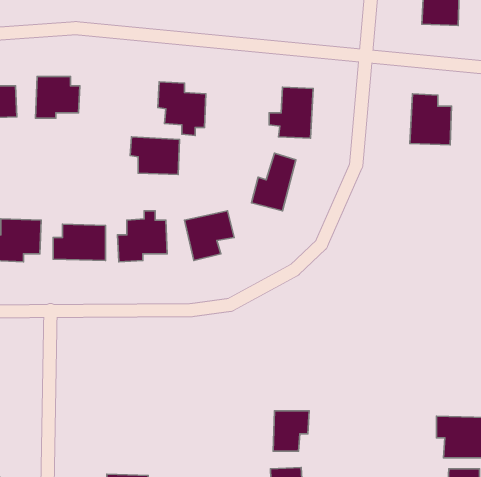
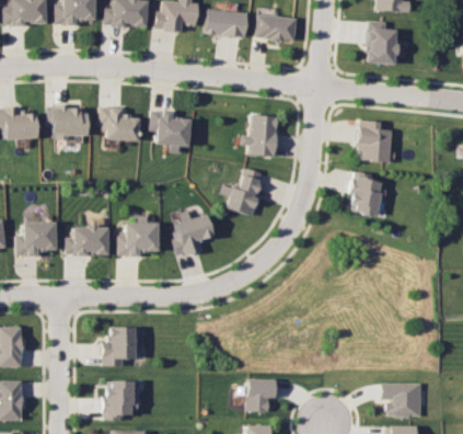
building: [130,137,180,174] -> [101,110,141,140]
building: none -> [350,172,385,215]
building: none -> [102,327,135,366]
building: none -> [103,380,137,420]

